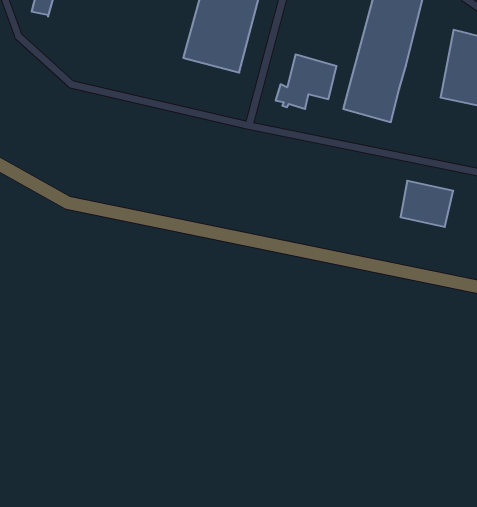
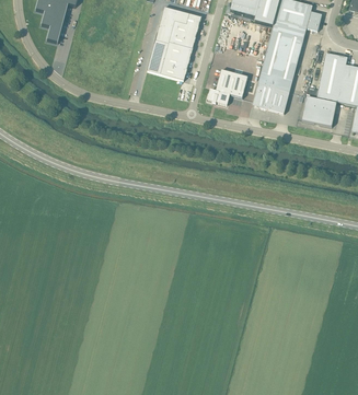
building: [400,181,453,227] -> [302,95,337,126]

